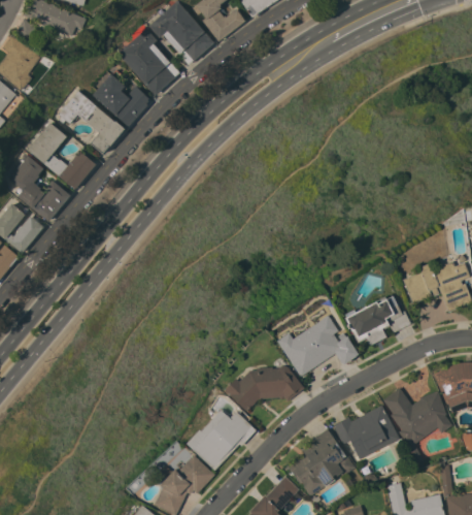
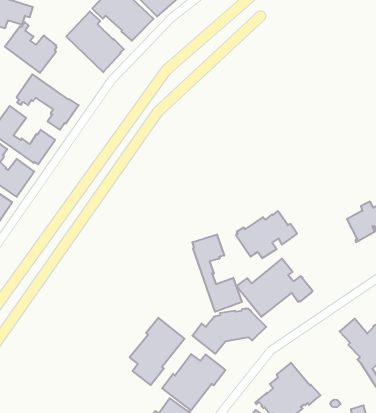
building: [93,70,148,127] -> [5,22,57,73]
building: none -> [192,234,242,312]
building: [344,296,410,346] -> [236,211,297,258]
building: none -> [130,318,185,385]
building: [333,406,400,459] -> none

